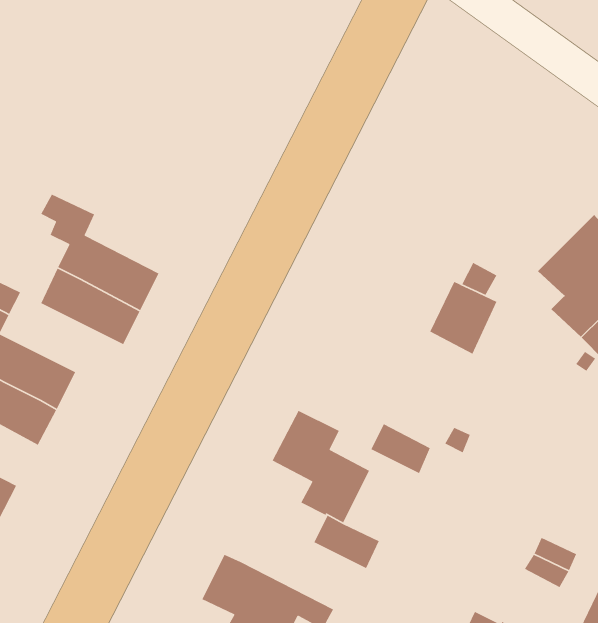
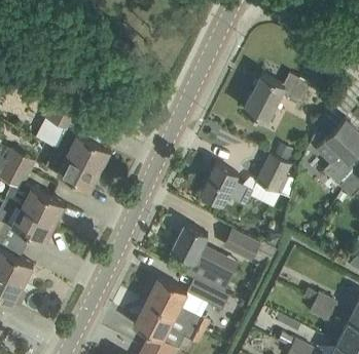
building: none -> [243,74,310,122]
building: none -> [201,164,253,205]
building: none -> [145,278,210,332]

